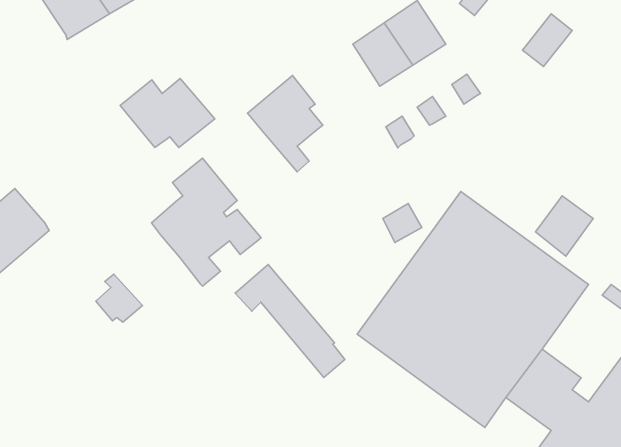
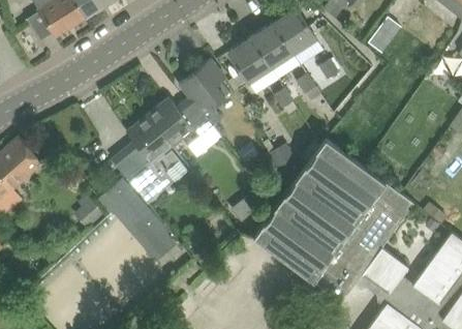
building: none -> [228,37,270,81]
building: [120,78,215,148] -> [148,97,213,145]
building: [535,196,593,256] -> none
building: [235,265,345,377] -> [99,178,175,256]

